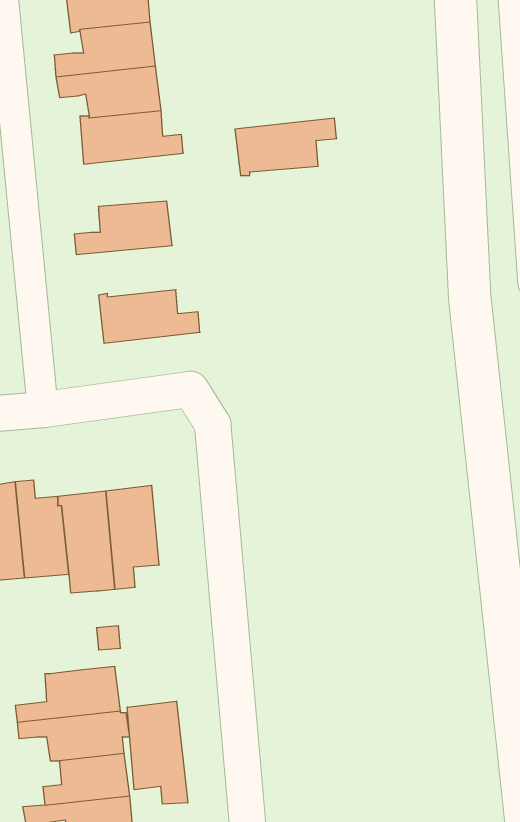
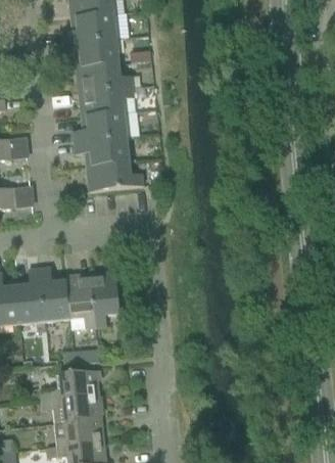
building: [235,118,337,175] -> [78,86,134,118]
building: none -> [74,137,129,166]
building: [127,701,188,804] -> none

